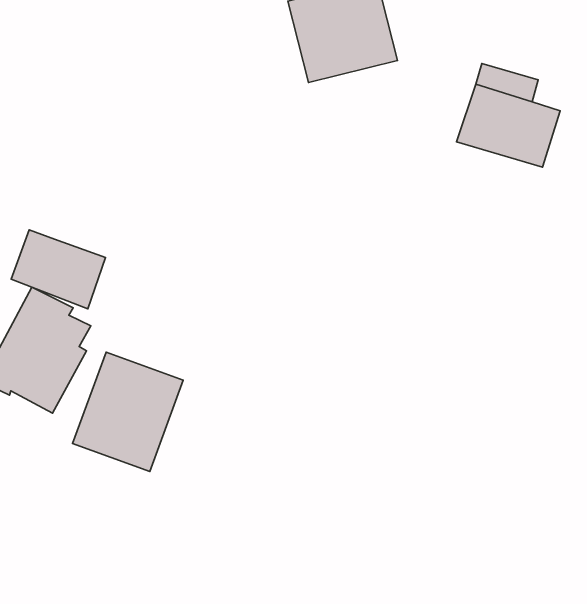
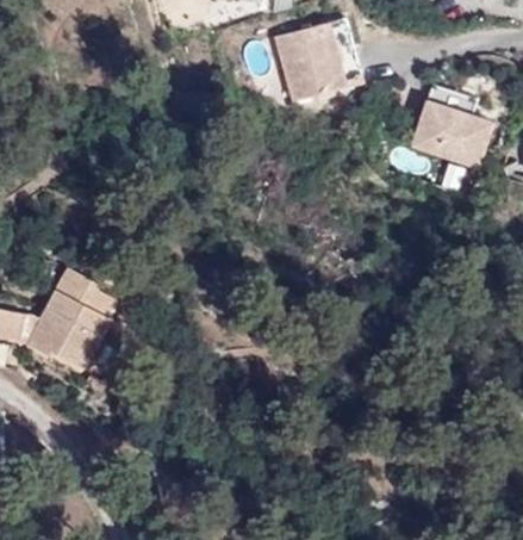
building: [11,230,105,309] -> none
building: [73,352,183,471] -> none

